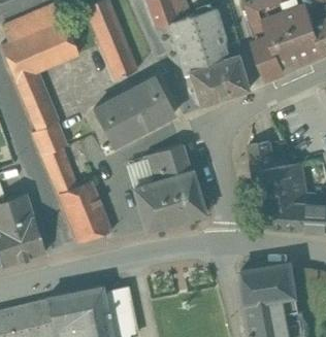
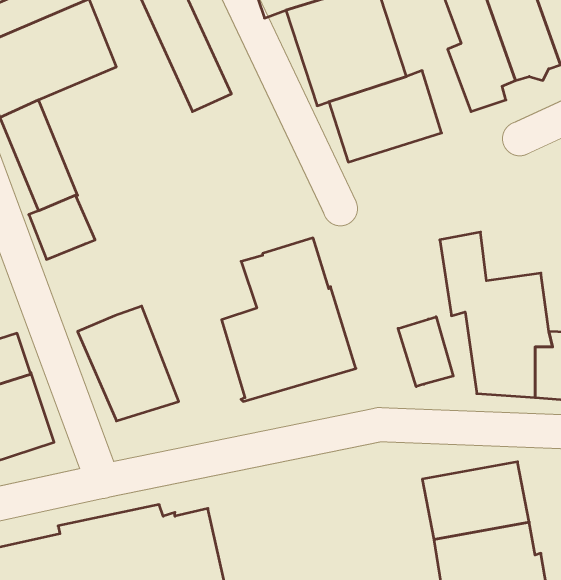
building: [93,77,173,146] -> none
building: [40,147,76,194] -> none
building: none -> [398,317,453,387]

